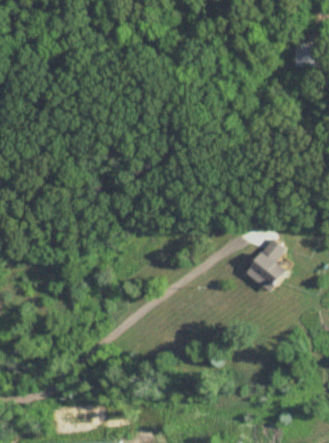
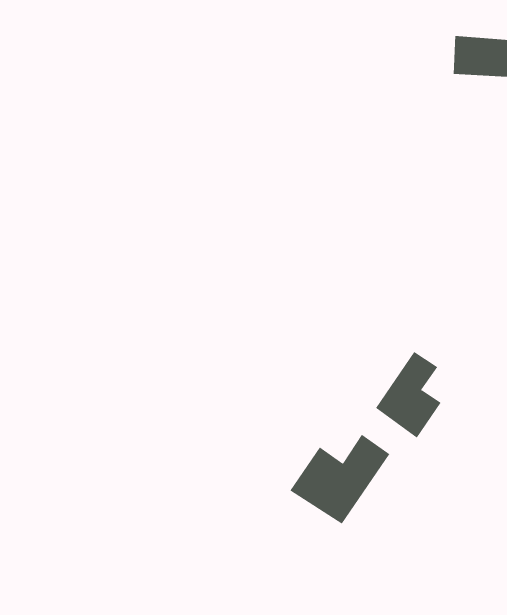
building: none -> [289,434,390,524]

